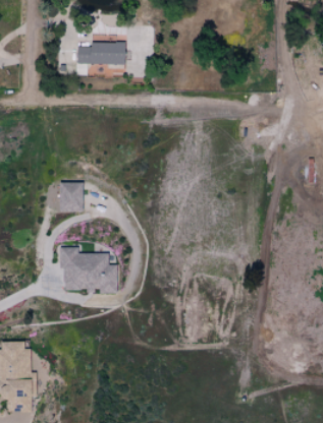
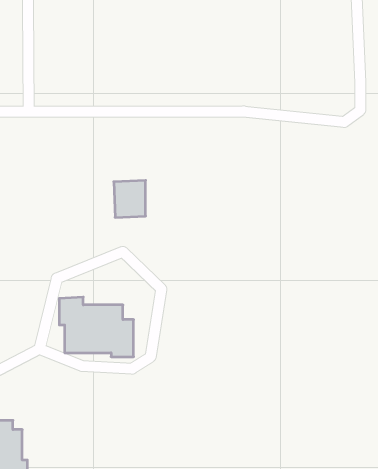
building: [76,42,125,64] -> none
building: [58,182,83,210] -> [114,180,146,217]

